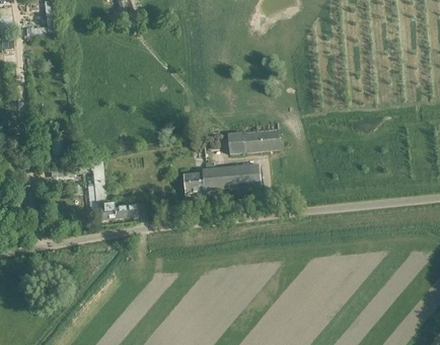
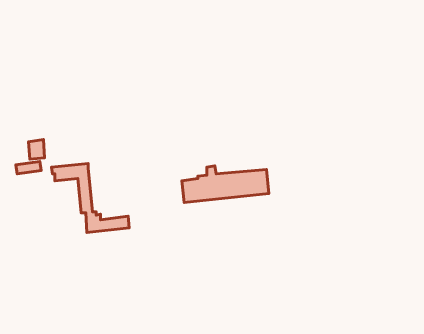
building: [227,122,280,153] -> none

